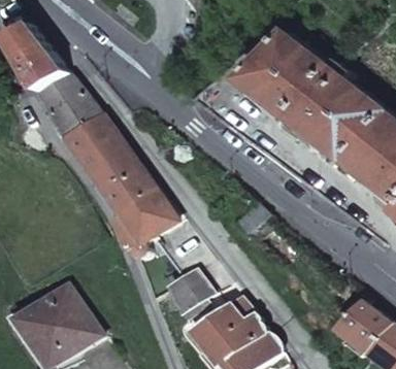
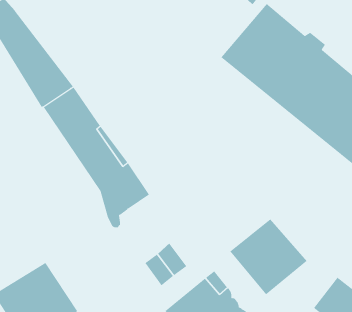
building: none -> [229,218,307,295]

